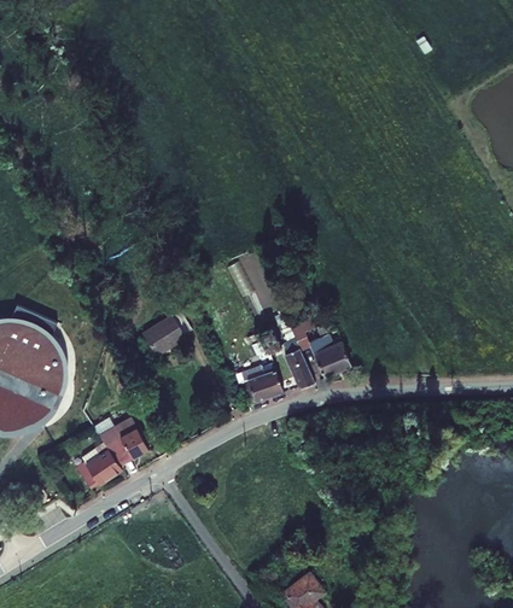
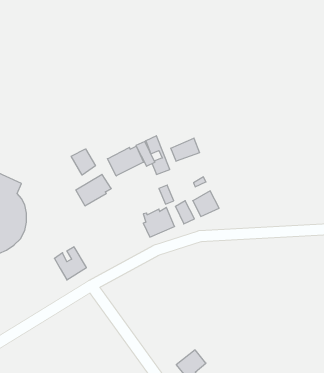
building: none -> [171,138,200,161]
building: none -> [107,146,144,176]
building: none -> [71,149,95,175]
building: [76,450,124,489] -> none

